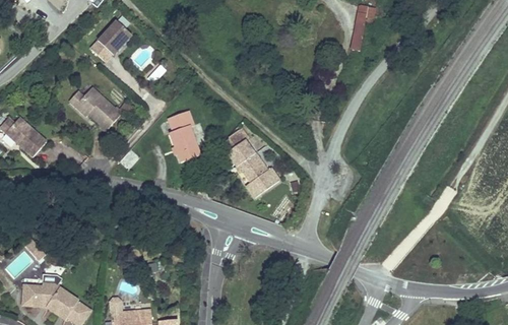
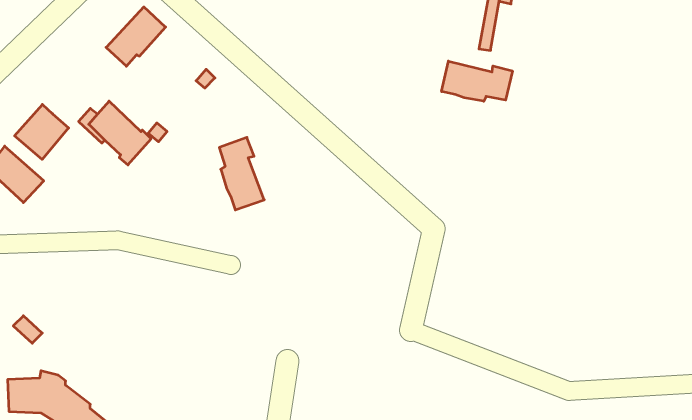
building: none -> [442,61,512,101]
building: none -> [15,104,69,159]
building: [224,135,280,198] -> none

